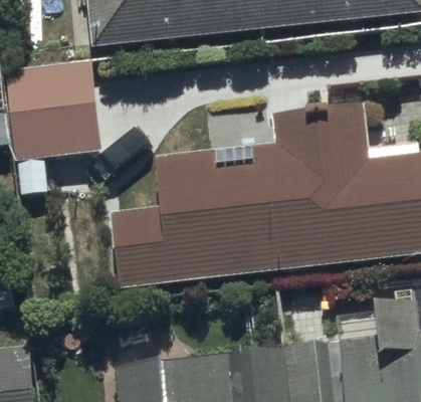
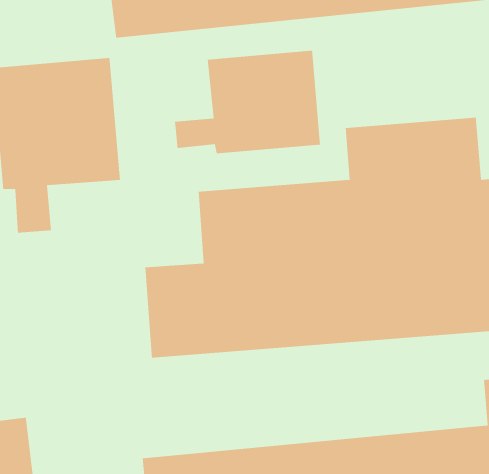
building: none -> [174,50,321,154]

